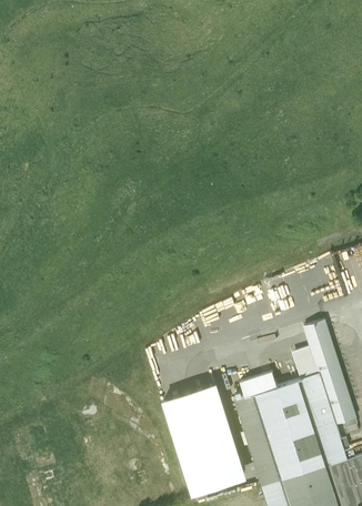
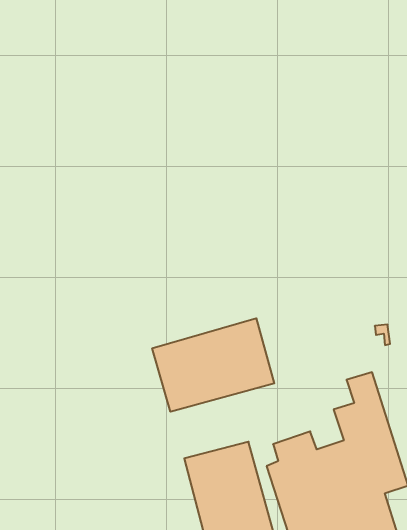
building: none -> [152,318,274,412]

